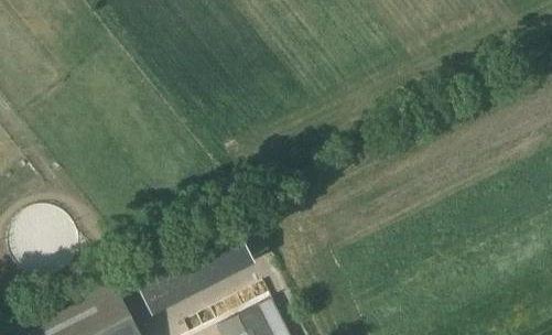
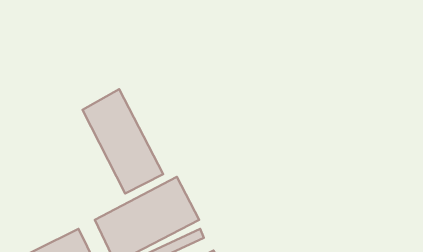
building: none -> [83,89,163,194]

